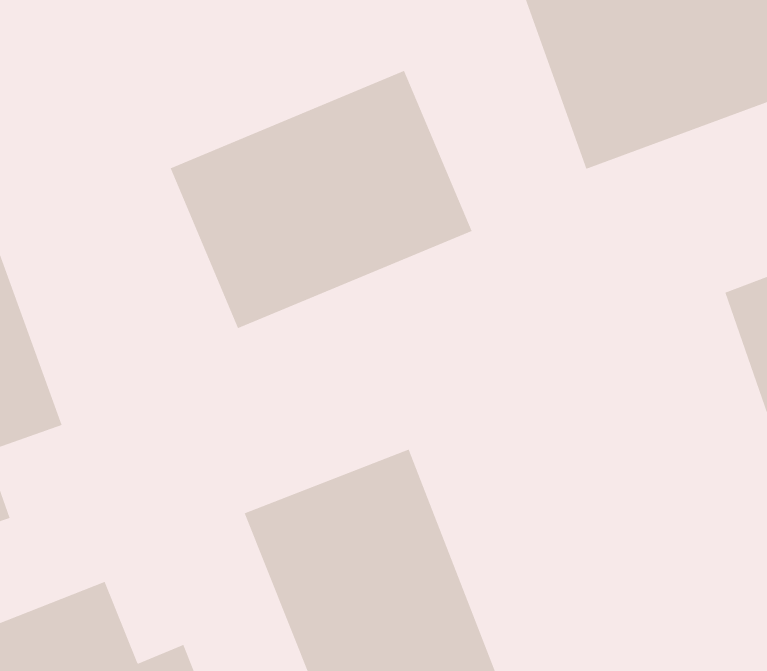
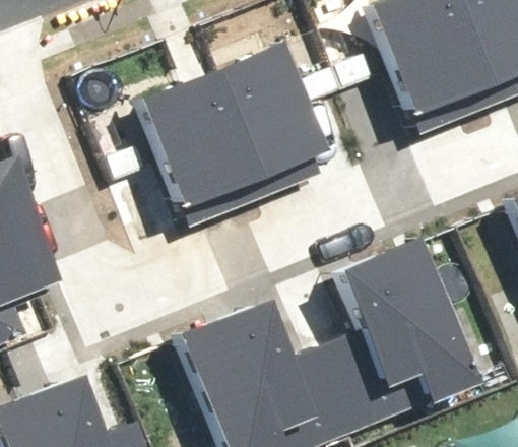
building: none -> [330,239,482,418]

